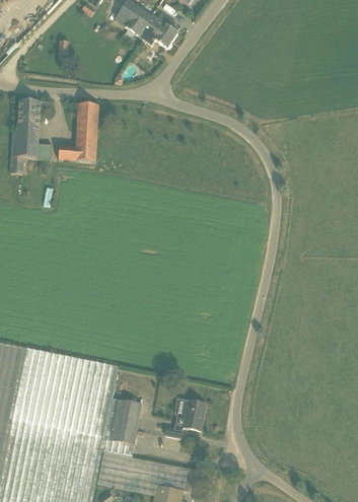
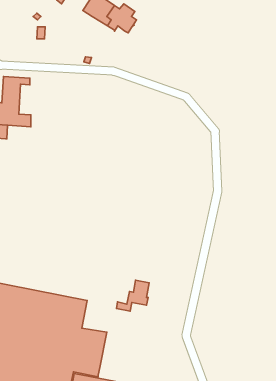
building: [59,104,98,162] -> none
building: [165,402,204,438] -> [117,280,149,311]

